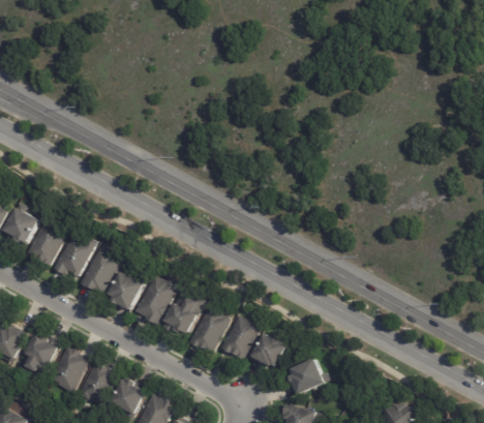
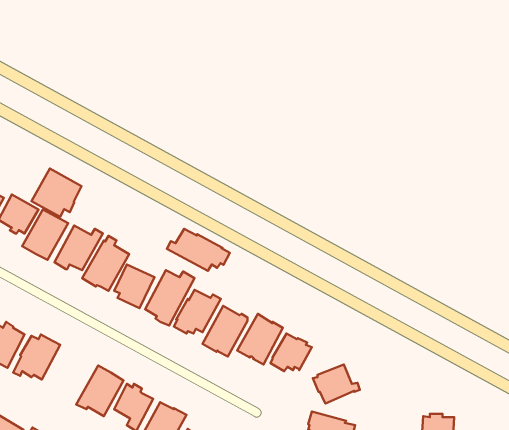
building: none -> [31,168,81,217]
building: none -> [167,229,230,271]
building: [50,346,88,392] -> none

